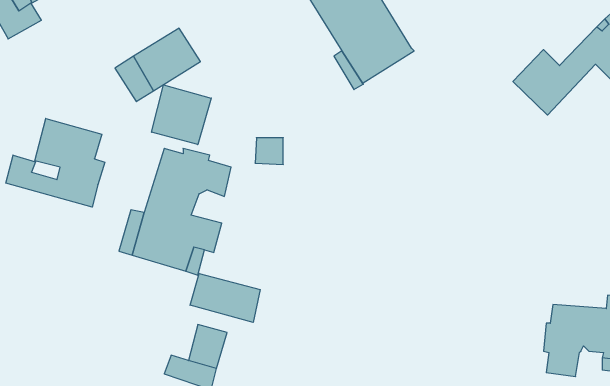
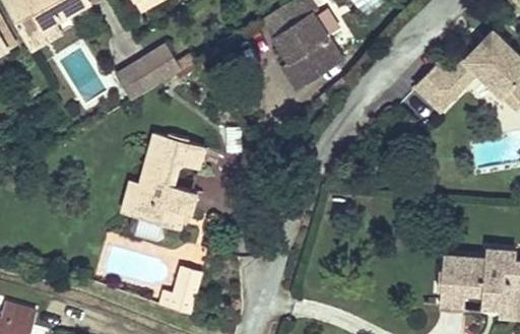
building: [152,85,211,145] -> none
building: [6,118,105,207] -> none
building: [190,273,260,322] -> none

